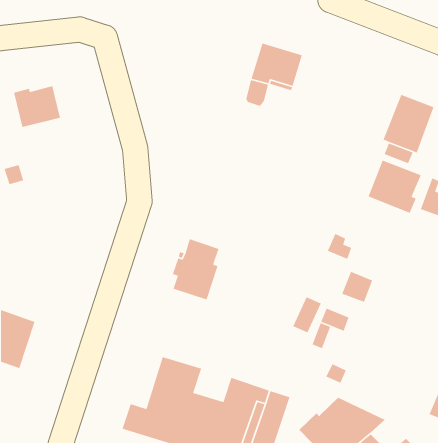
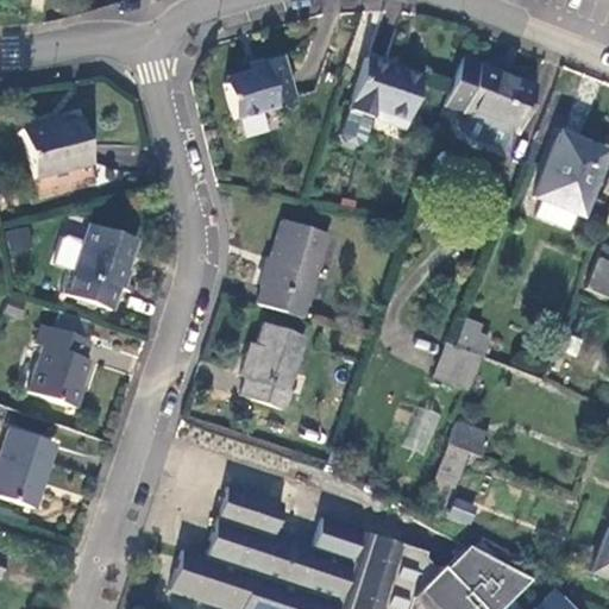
building: none -> [219,55,295,121]
building: none -> [445,56,533,130]
building: none -> [258,219,331,319]
building: [367,159,422,214] -> none
building: none -> [68,225,140,307]
building: none -> [27,325,90,406]
building: [341,271,373,303] -> [437,343,481,387]

